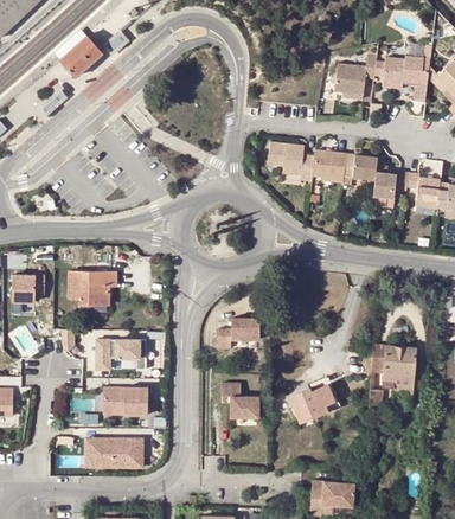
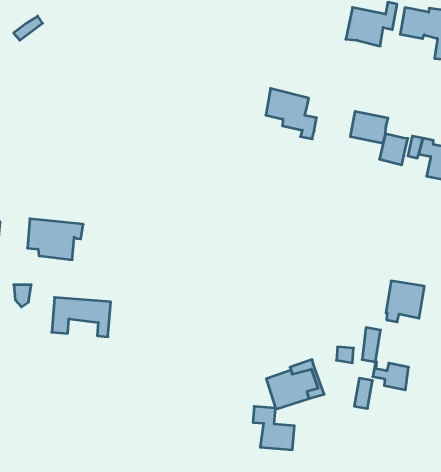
building: [313,148,347,181] -> none
building: [218,318,259,347] -> none
building: [383,345,415,380] -> [386,281,424,322]
building: [222,382,258,417] -> [253,406,294,450]
building: [103,387,147,415] -> none
building: [94,437,142,467] -> none

